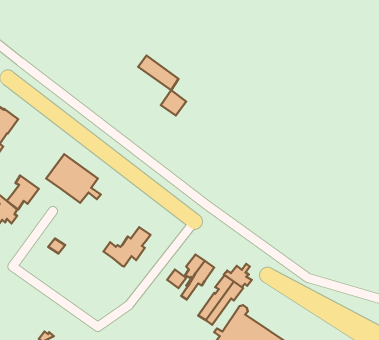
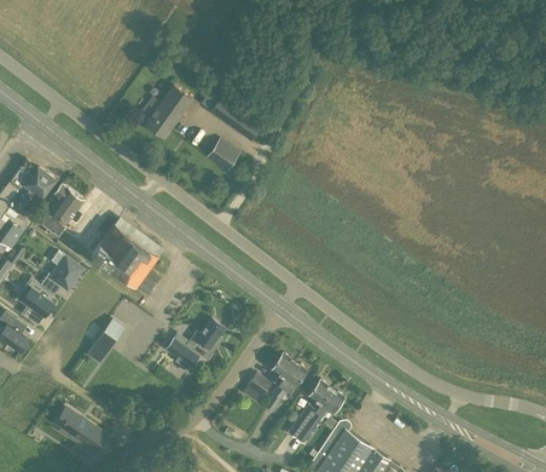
building: none -> [138,85,191,139]
building: [161,90,186,116] -> [202,138,234,171]
building: none -> [39,184,82,238]
building: [224,264,252,287] -> none
building: none -> [63,408,109,448]

